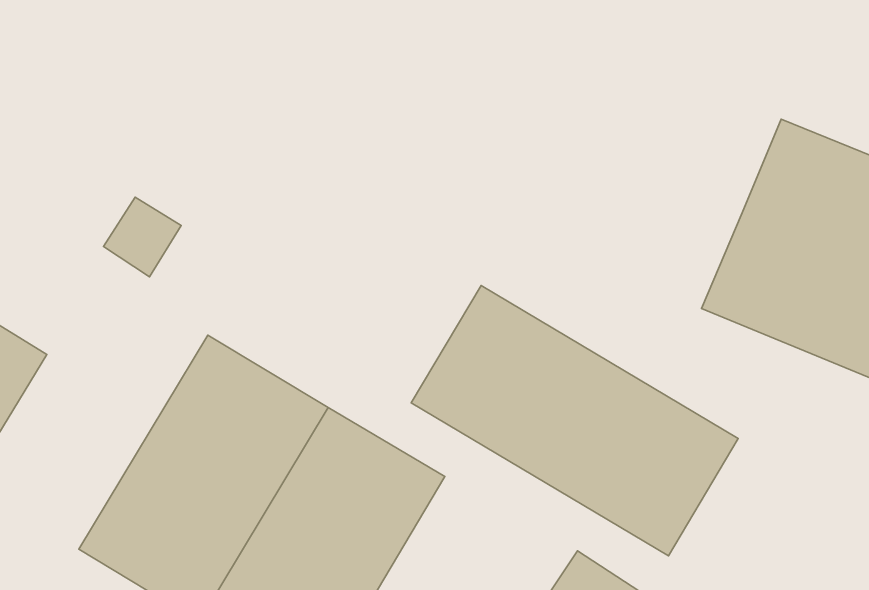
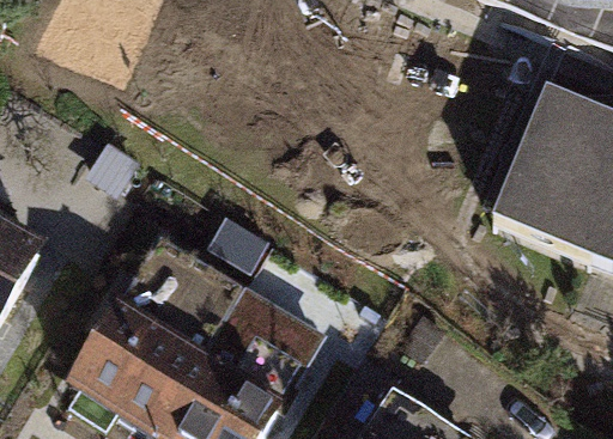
building: [411,286,738,556] -> none

